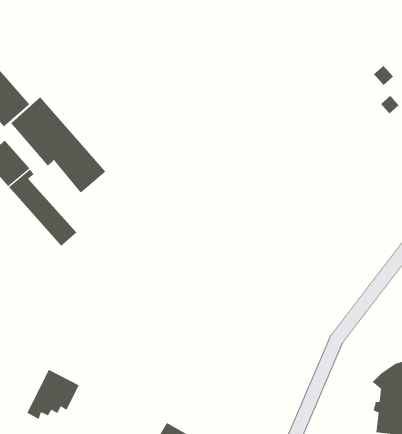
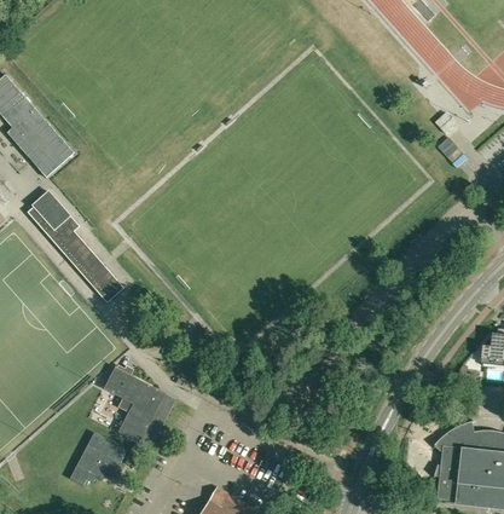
building: [10,97,106,194] -> none
building: none -> [104,366,175,449]

